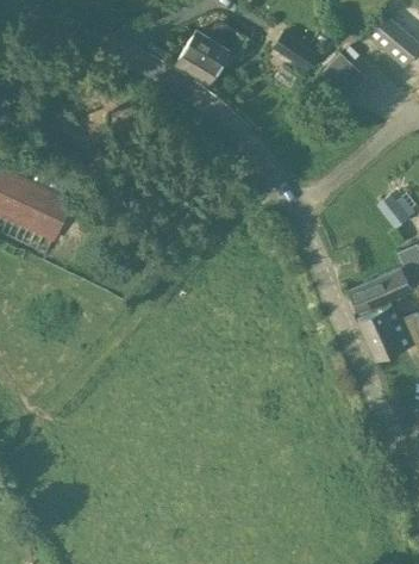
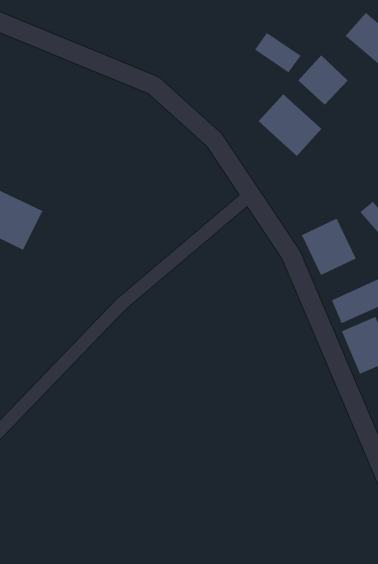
building: [176,21,248,83] -> none
building: none -> [258,93,322,157]
building: none -> [301,218,357,276]

